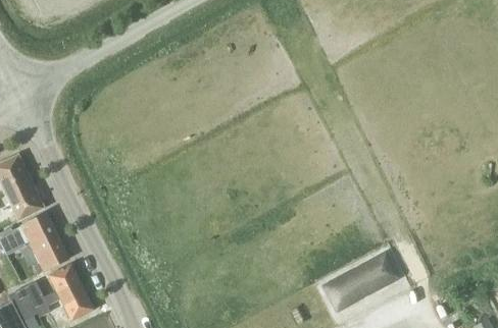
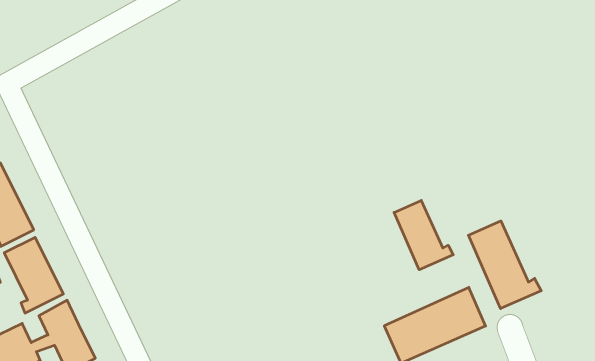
building: none -> [394,200,453,270]
building: none -> [468,221,541,309]

